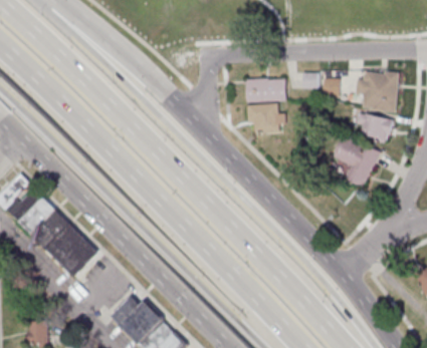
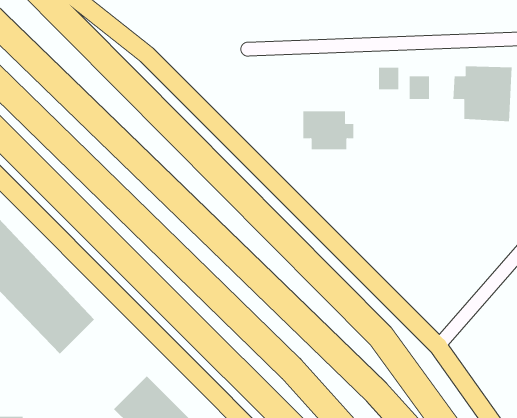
building: [246,78,285,101] -> none
building: [356,113,393,142] -> none
building: [333,135,379,188] -> none

